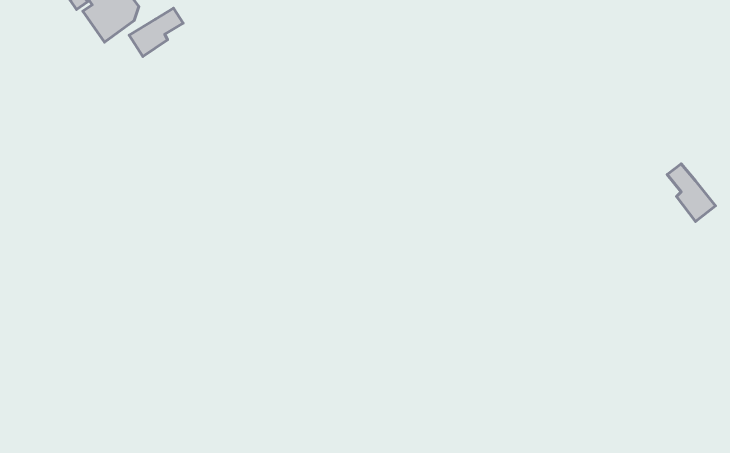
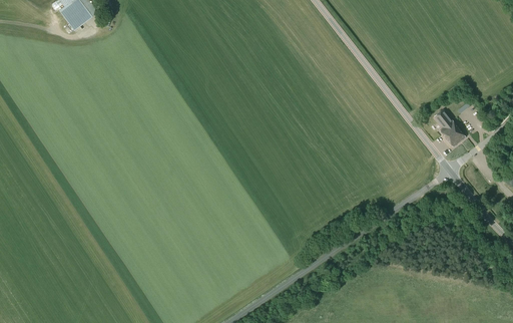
building: [129,8,183,56] -> none

